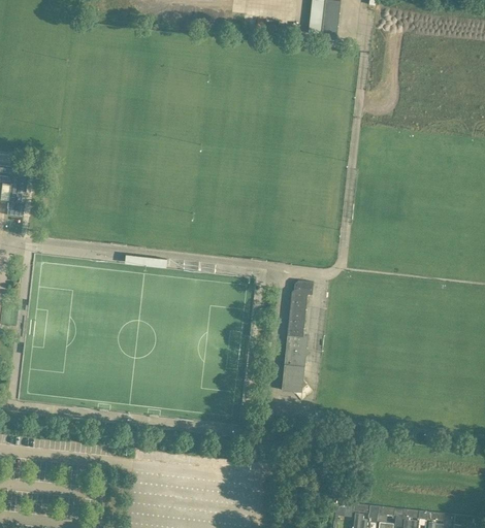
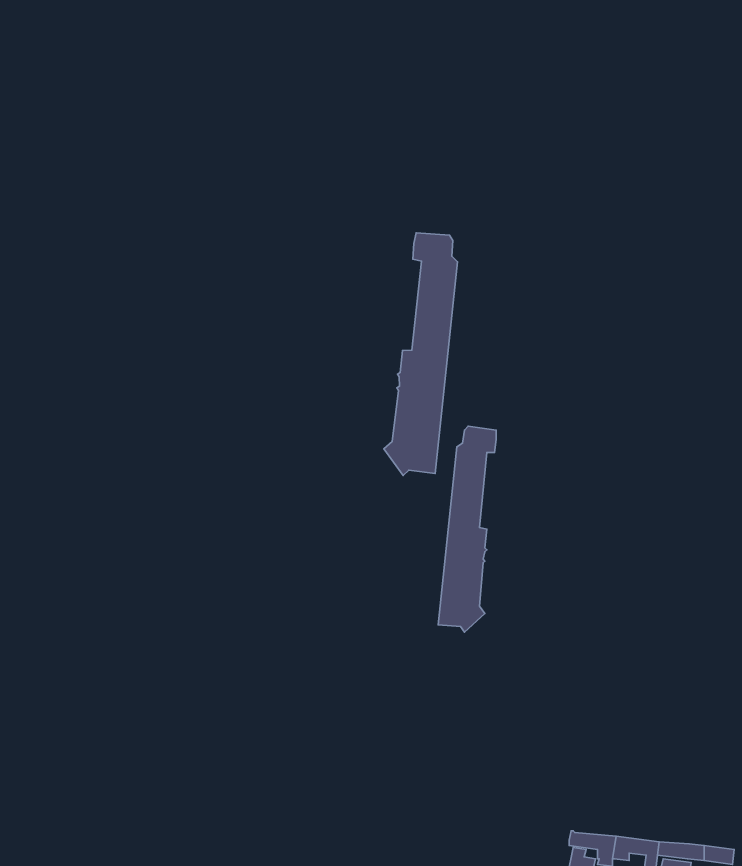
building: none -> [384,233,457,476]

